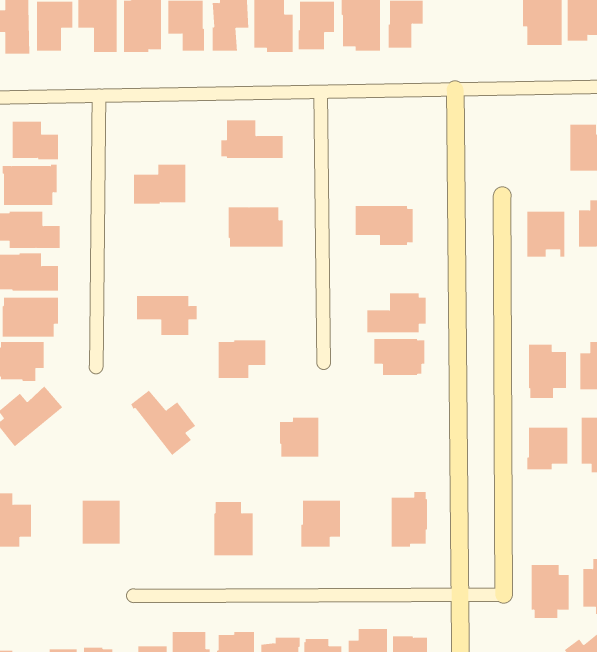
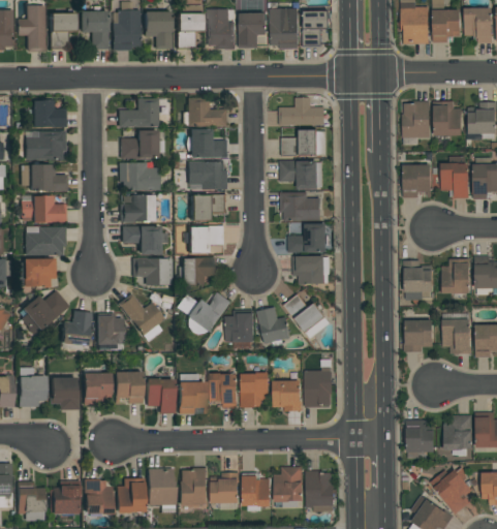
building: none -> [280,97,325,126]
building: none -> [118,98,158,127]
building: none -> [403,100,431,138]
building: none -> [190,129,228,158]
building: none -> [282,129,327,157]
building: none -> [119,162,159,190]
building: none -> [280,192,320,221]
building: none -> [123,194,154,222]
building: none -> [191,194,226,221]
building: none -> [183,225,224,253]
building: none -> [132,257,172,285]
building: none -> [176,292,231,333]
building: none -> [284,293,331,339]
building: none -> [257,307,291,345]
building: none -> [61,310,92,350]
building: none -> [96,313,123,350]
building: none -> [210,368,238,409]
building: none -> [115,372,143,404]
building: none -> [50,377,80,410]
building: none -> [147,378,175,413]
building: none -> [274,380,303,411]

